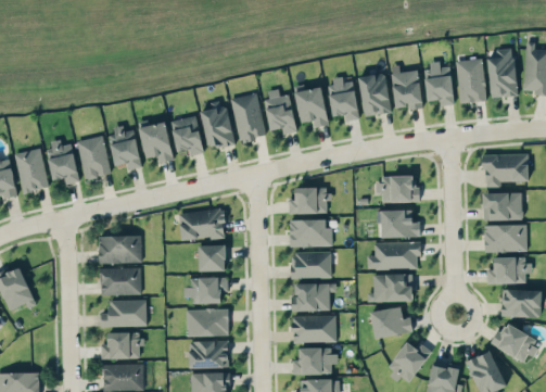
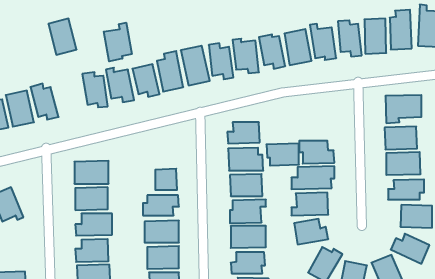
building: none -> [104,23,132,61]
building: [76,135,111,179] -> [48,19,77,55]
building: [377,175,417,202] -> [266,144,299,166]
building: [179,208,225,240] -> none

